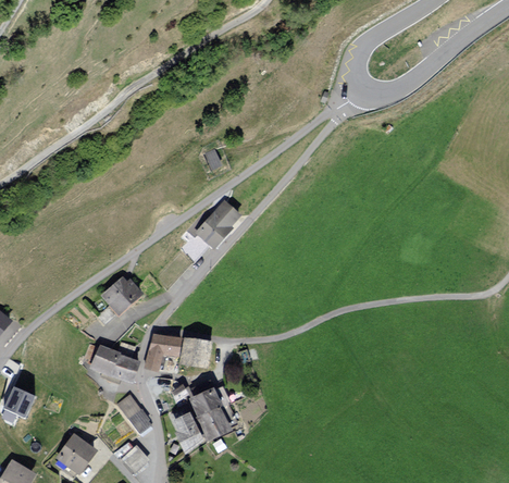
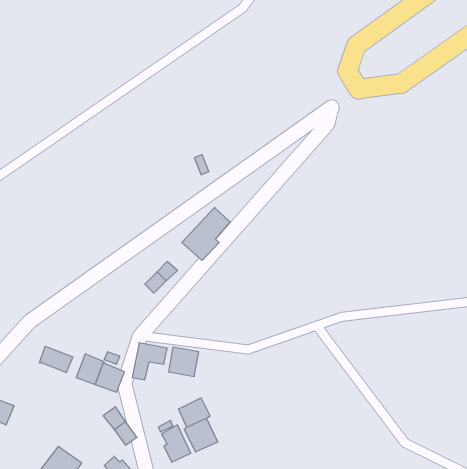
building: [101,275,141,313] -> none
building: none -> [40,346,73,373]

